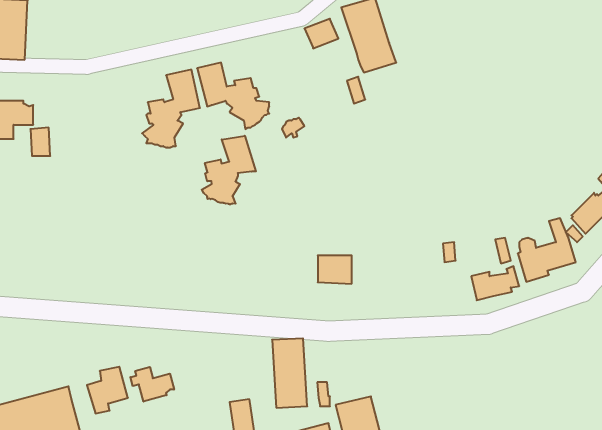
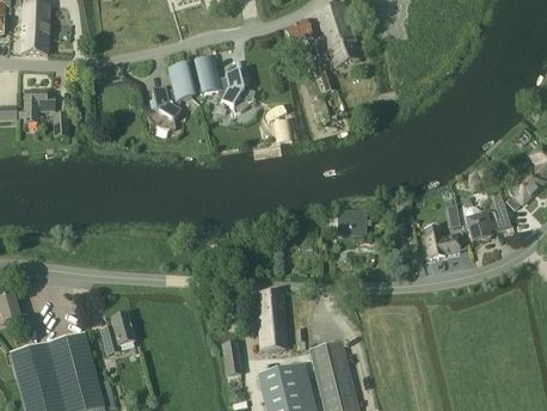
building: [202,136,256,205] -> none
building: [318,255,352,284] -> [337,210,365,234]
building: [130,367,174,402] -> none

